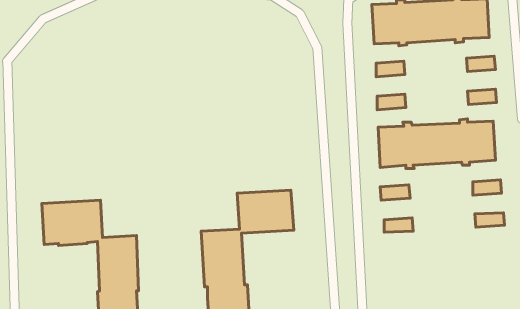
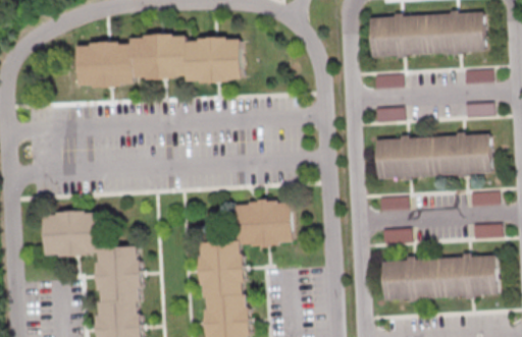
building: none -> [76,35,241,86]
building: none -> [382,254,499,302]

